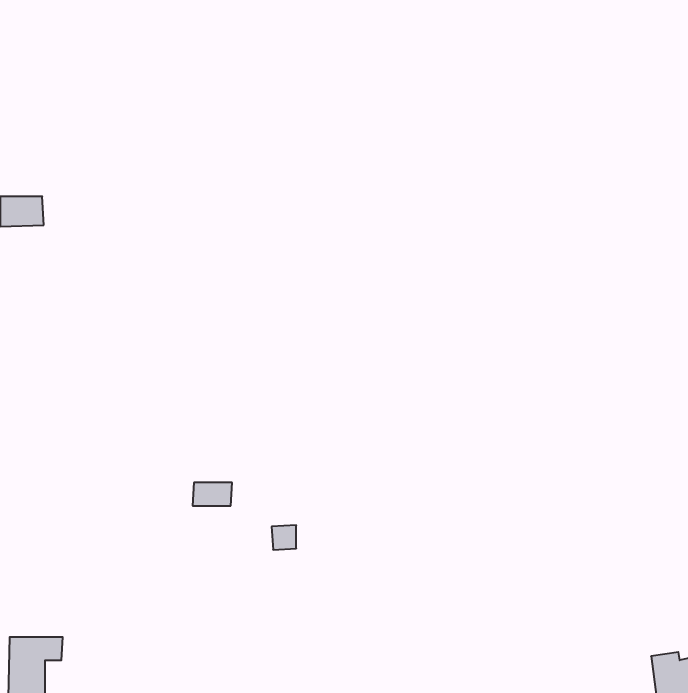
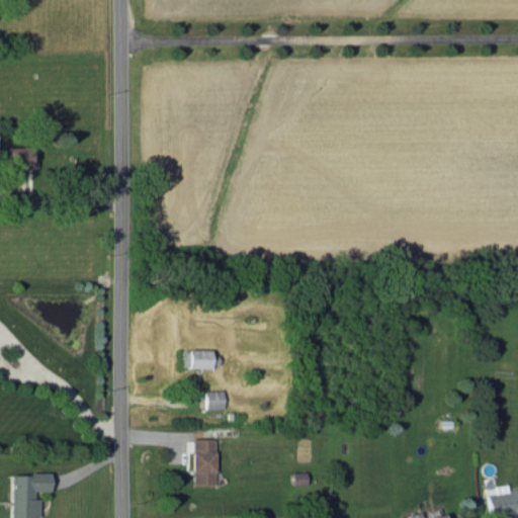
building: [193,483,232,506] -> [186,352,215,369]
building: none -> [194,440,217,487]

